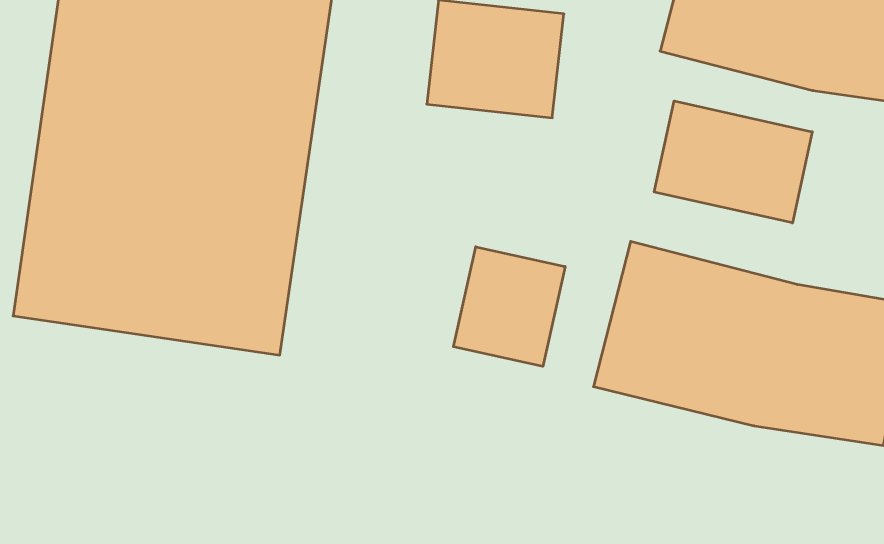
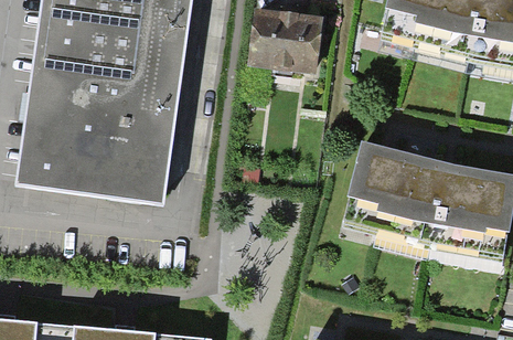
building: [654,101,812,223] -> none
building: [453,247,565,366] -> none

